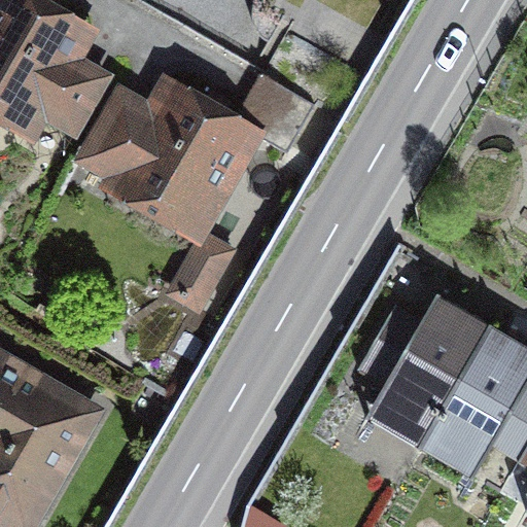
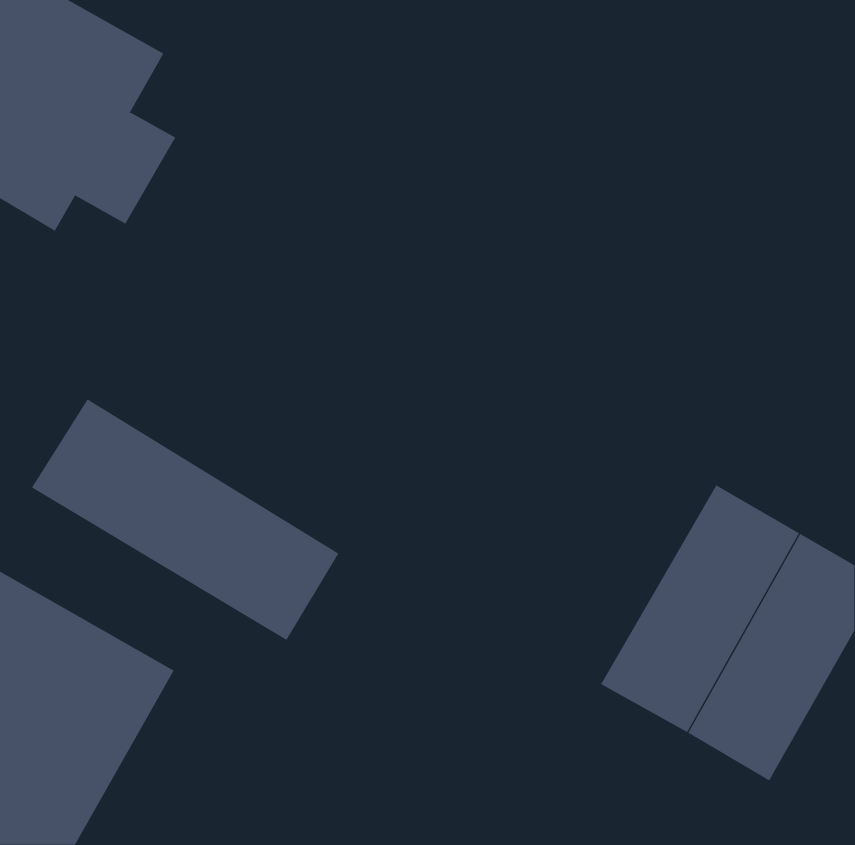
building: [87,68,311,229] -> none
building: none -> [31,399,339,641]

